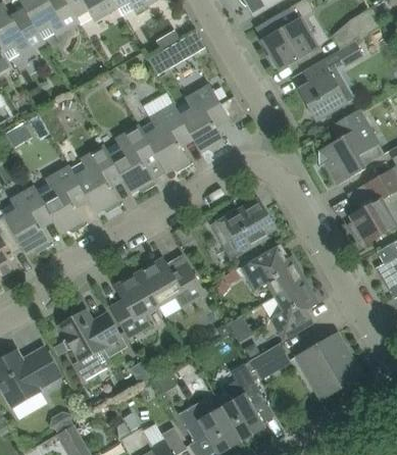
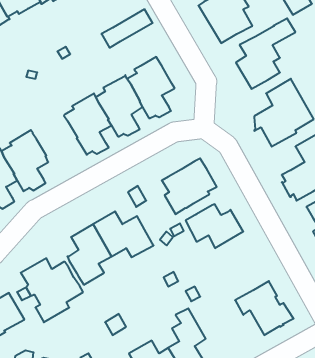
building: [71,145,125,213] -> none
building: [262,279,319,340] -> none
building: [250,343,291,378] -> none

